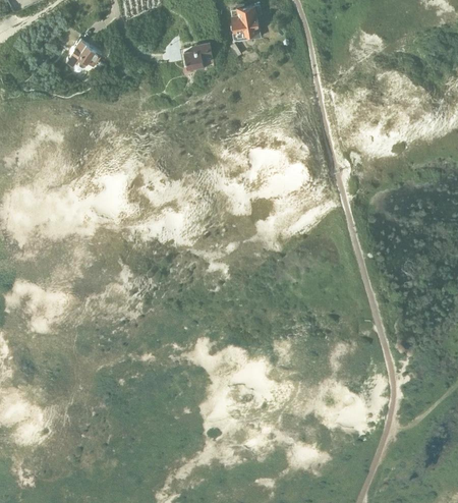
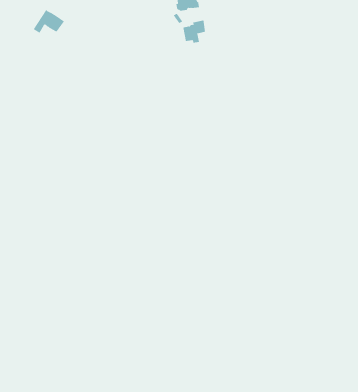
building: [184,43,212,70] -> [182,20,206,43]

